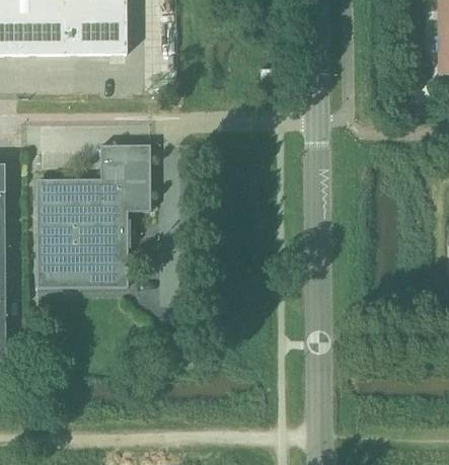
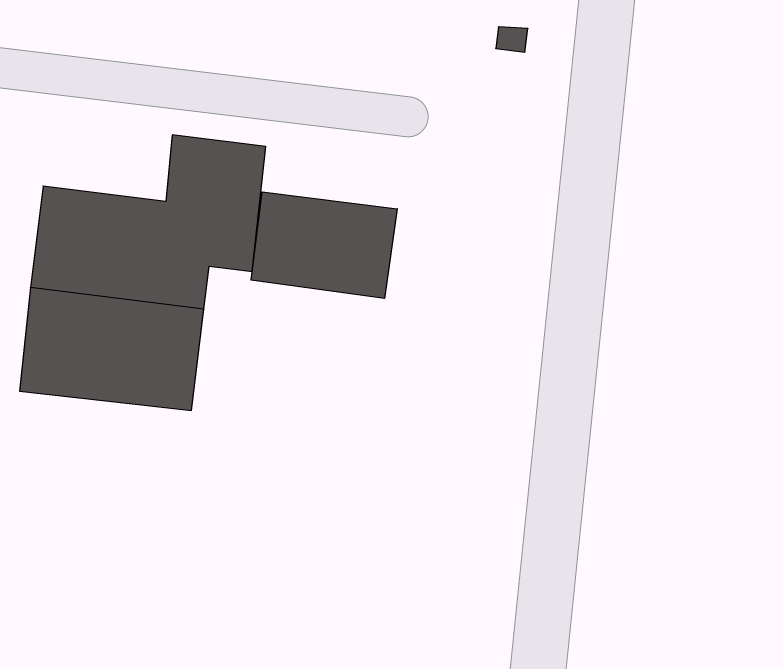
building: none -> [251,192,397,298]

